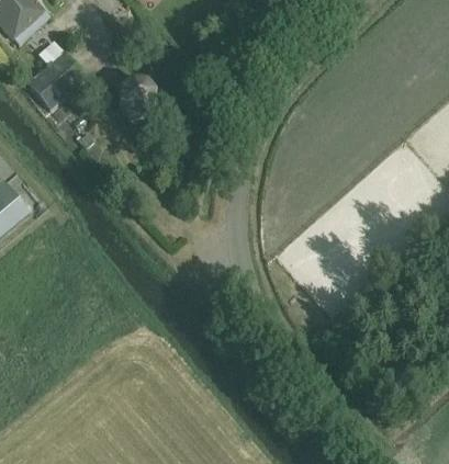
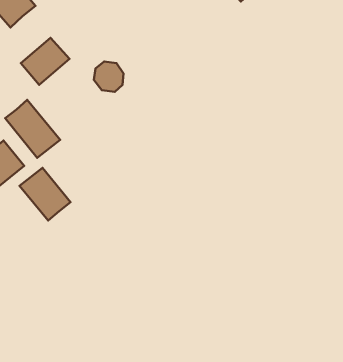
building: none -> [5,100,60,158]
building: none -> [20,168,70,221]

